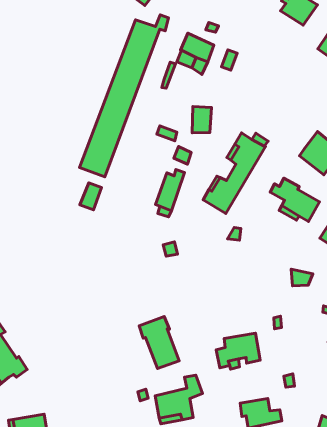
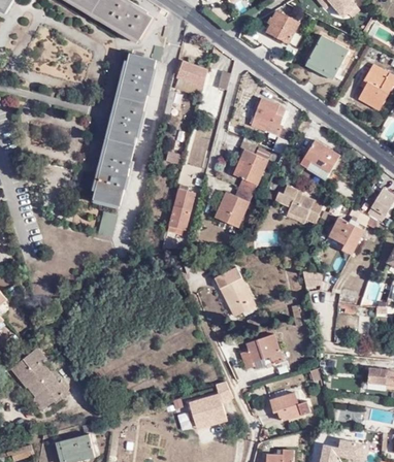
building: none -> [250,97,288,154]
building: [139,316,179,368] -> [216,268,257,318]

